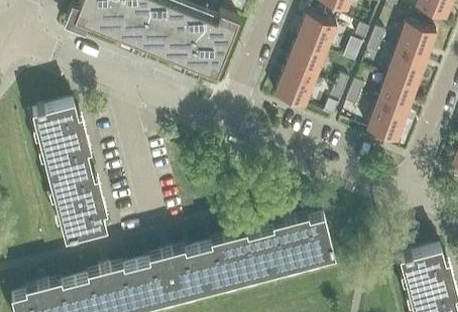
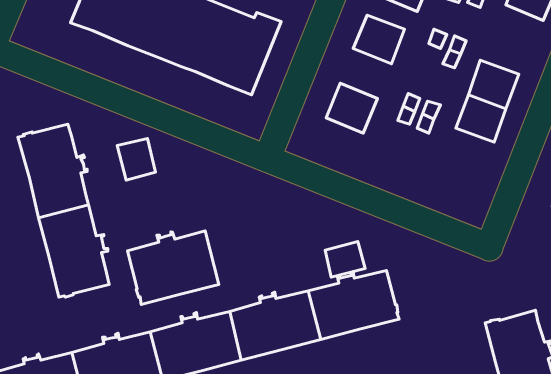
building: [395,23,436,60] -> none
building: [285,40,326,80] -> none
building: [366,103,407,141] -> none
building: none -> [117,139,155,180]
building: none -> [127,231,219,304]
building: none -> [325,241,365,277]

